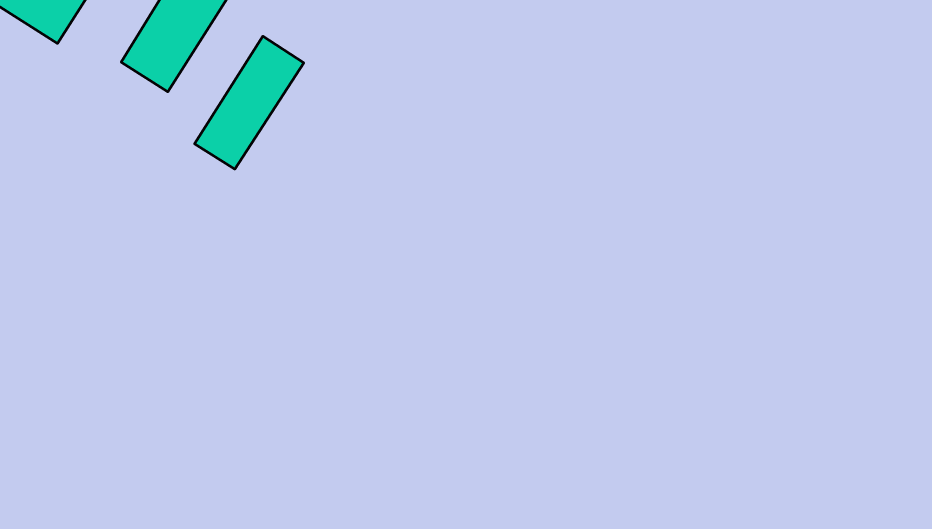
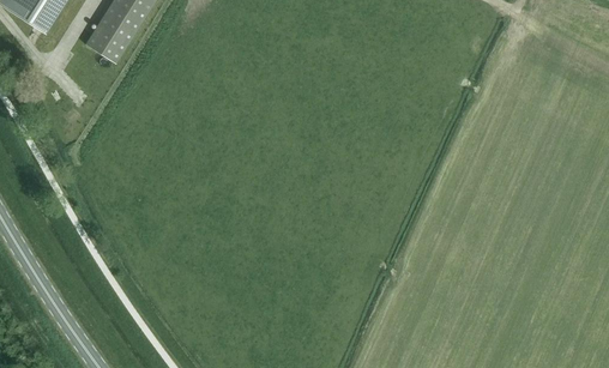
building: [194,36,304,169] -> none

